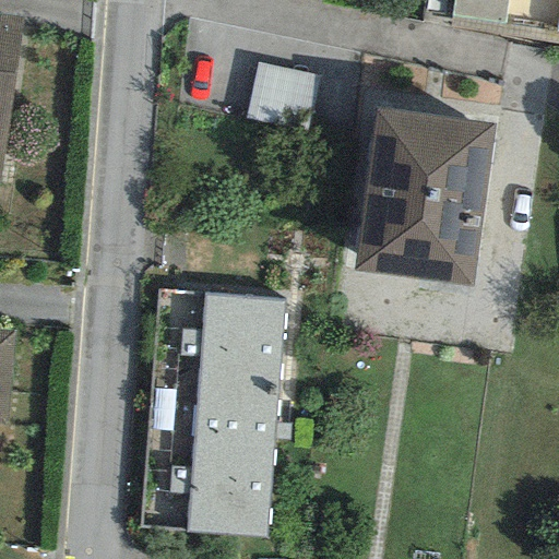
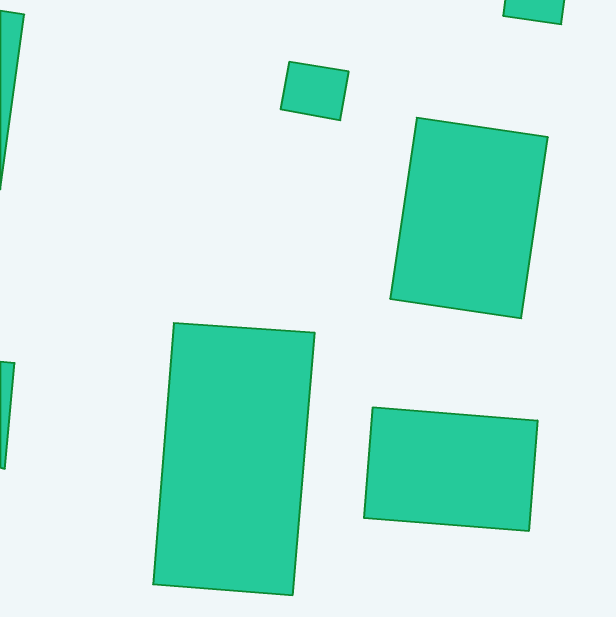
building: none -> [364,407,537,531]

